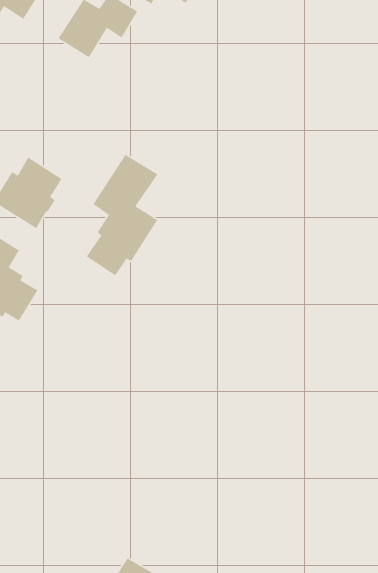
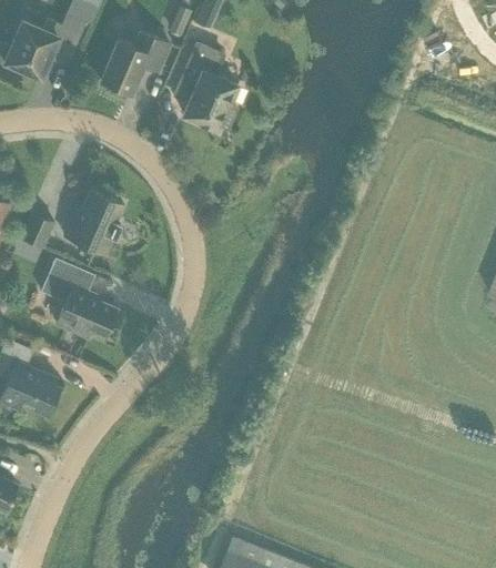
building: none -> [173,43,235,129]
building: [86,154,158,276] -> none

